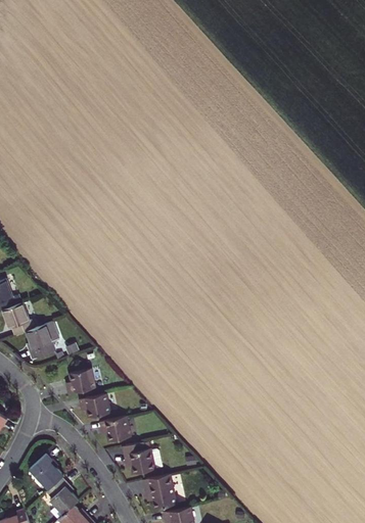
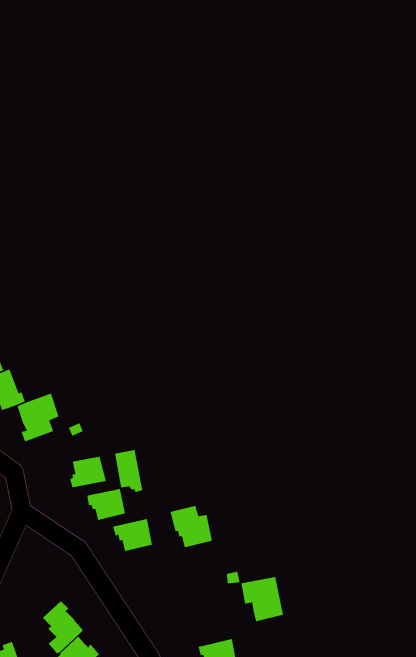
building: none -> [114,449,143,493]
building: [122,441,154,474] -> [169,505,213,548]
building: [29,454,63,489] -> none
building: [143,474,176,509] -> [241,576,284,622]

